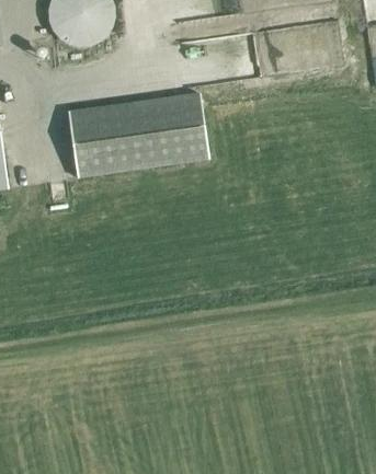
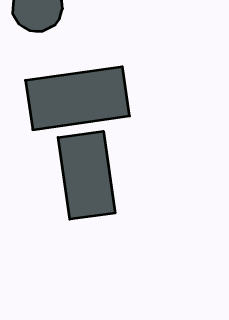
building: none -> [58,131,115,219]

